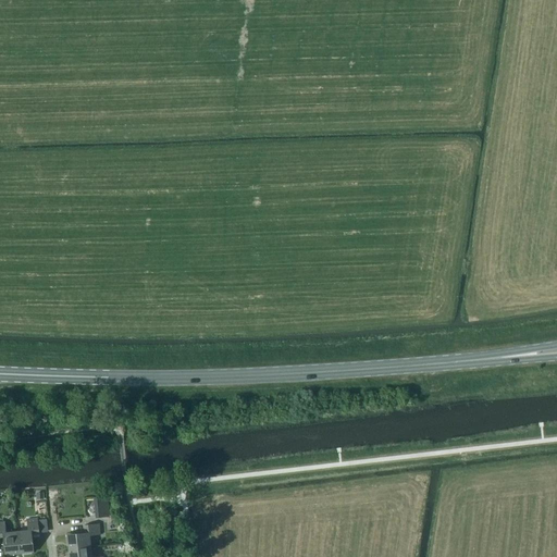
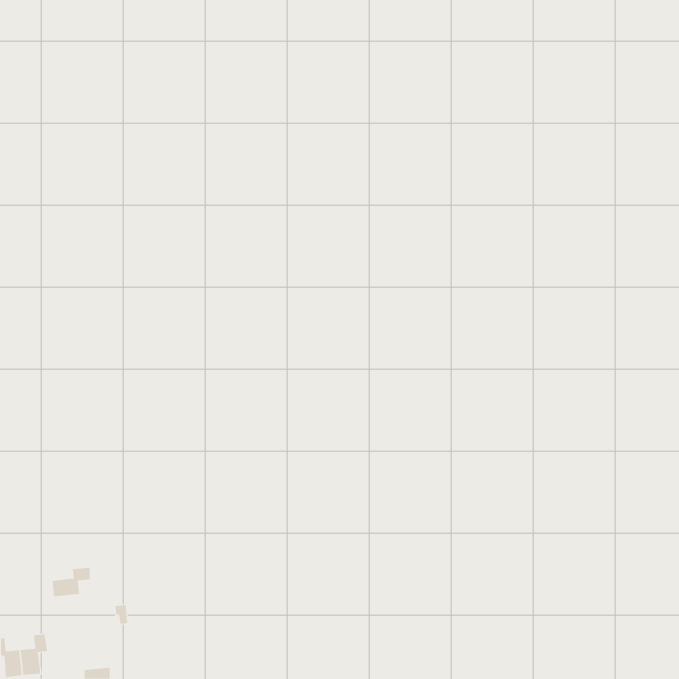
building: [69,523,100,547] -> [52,568,90,597]

